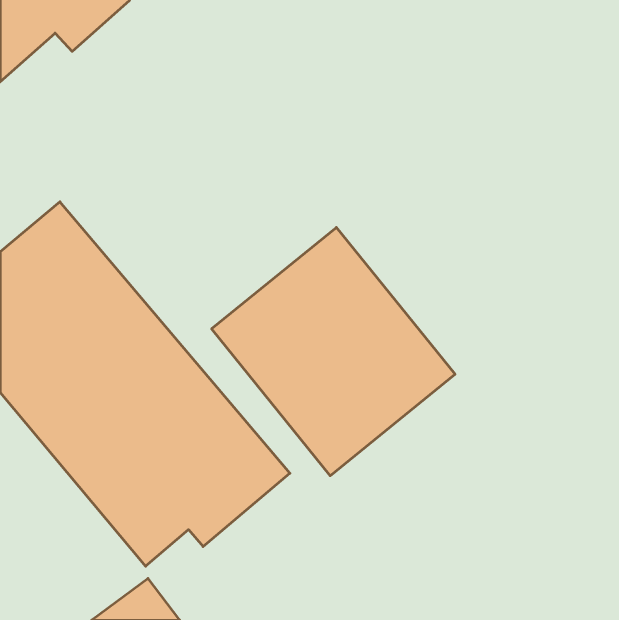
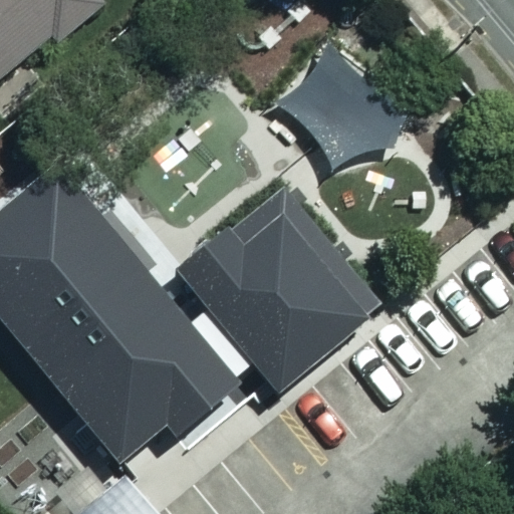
building: none -> [279,40,410,163]

